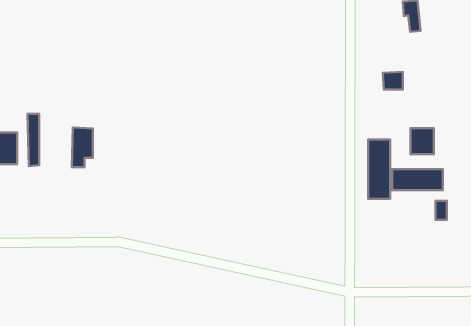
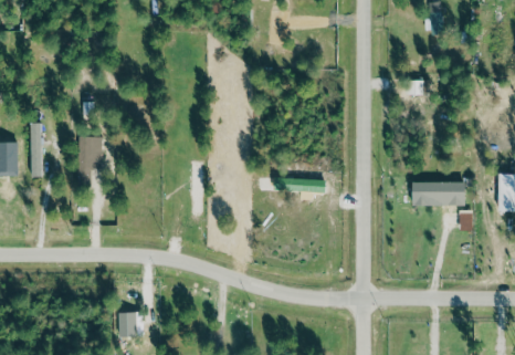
building: [411,128,434,154] -> none
building: [368,139,390,199] -> none
building: none -> [117,311,137,338]

